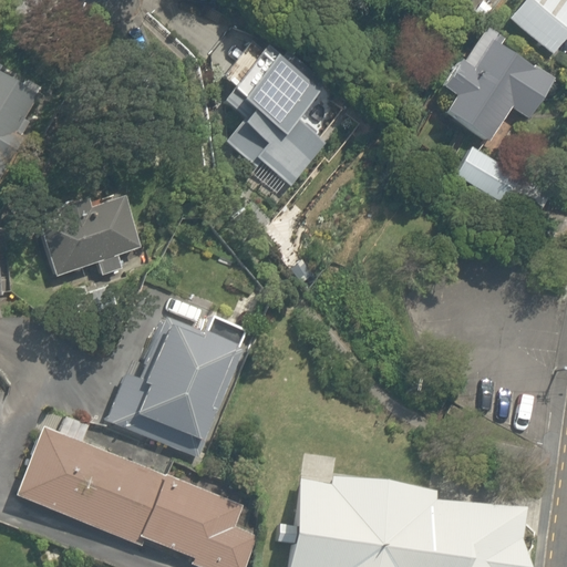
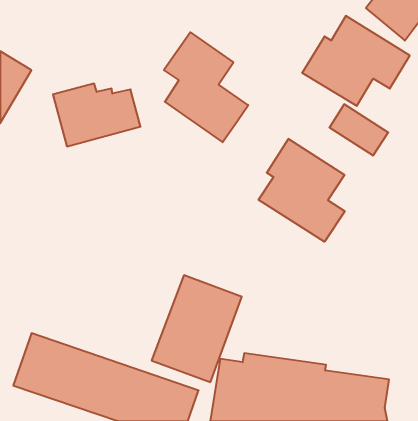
building: none -> [259,139,345,242]
building: [29,195,146,279] -> [53,84,141,146]
building: [126,318,247,461] -> [152,275,242,382]

